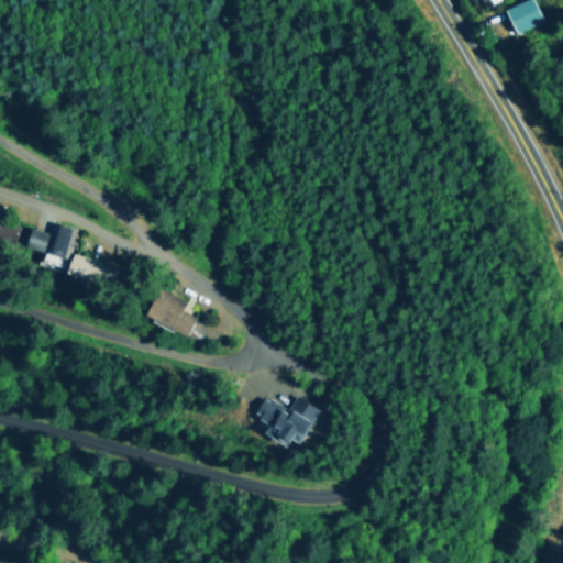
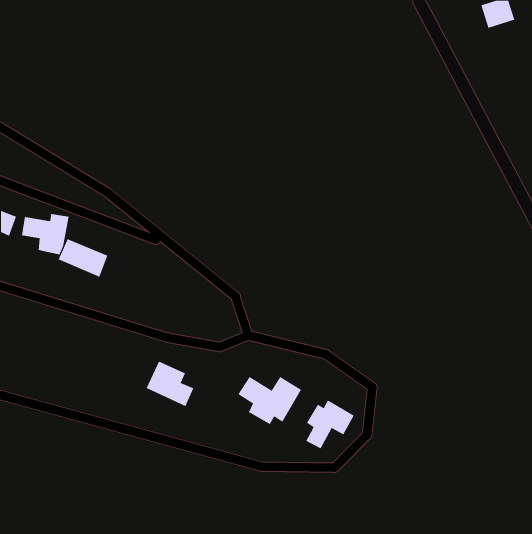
building: [147,289,198,338] -> [146,361,194,407]
building: none -> [305,400,354,449]

